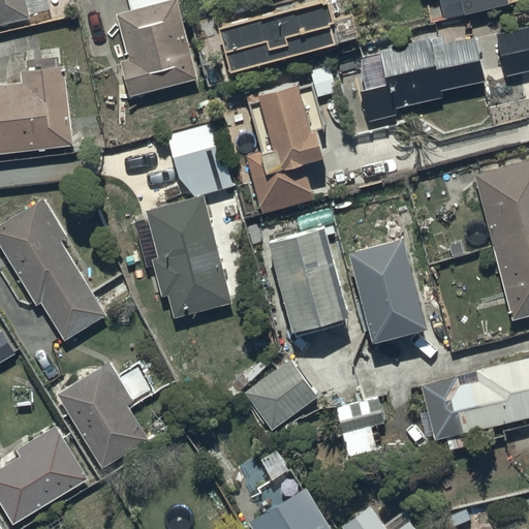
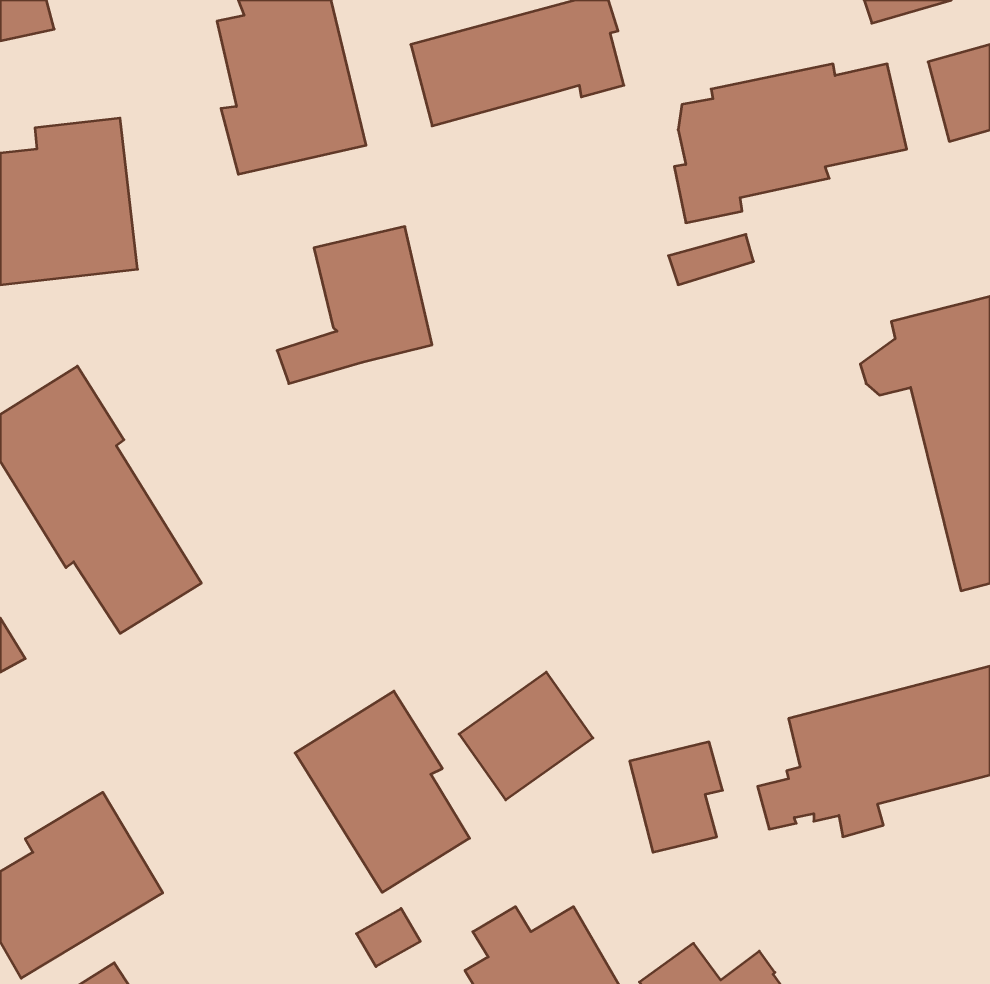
building: [245,84,320,213] -> none
building: [134,197,231,319] -> none
building: [268,226,348,330] -> none
building: [346,237,427,341] -> none
building: [55,361,148,468] -> [295,691,470,892]

